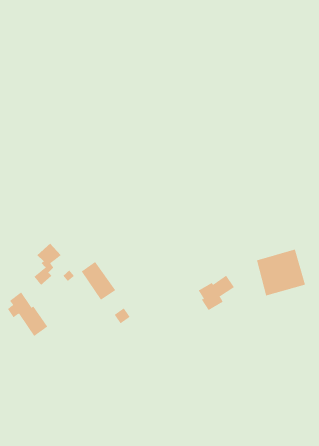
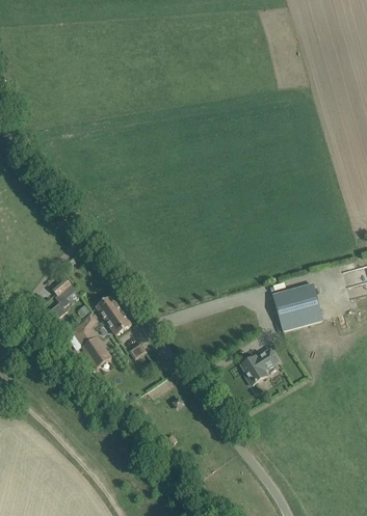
building: [198,275,235,311] -> [241,348,279,384]
building: [7,292,48,337] -> [70,321,111,366]

